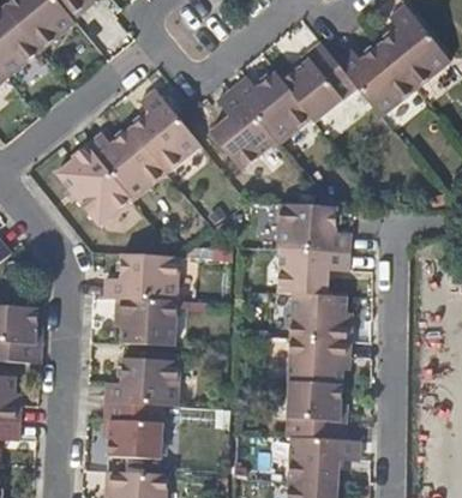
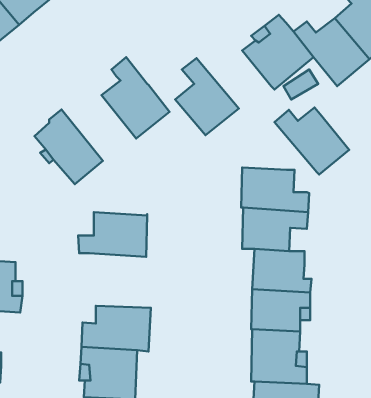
building: [230,73,311,145] -> [274,108,349,174]
building: [85,128,166,202] -> none
building: [115,299,176,344] -> none

